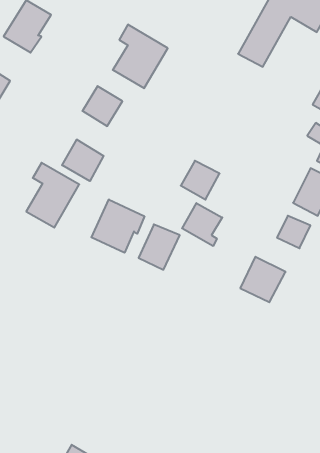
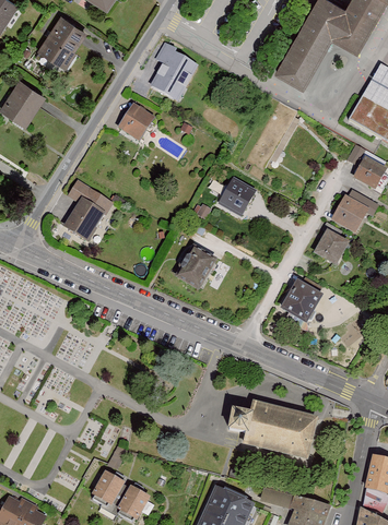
building: [62,139,104,181] -> none
building: [91,199,144,253] -> none
building: [182,203,222,246] -> none
building: none -> [224,399,311,454]

